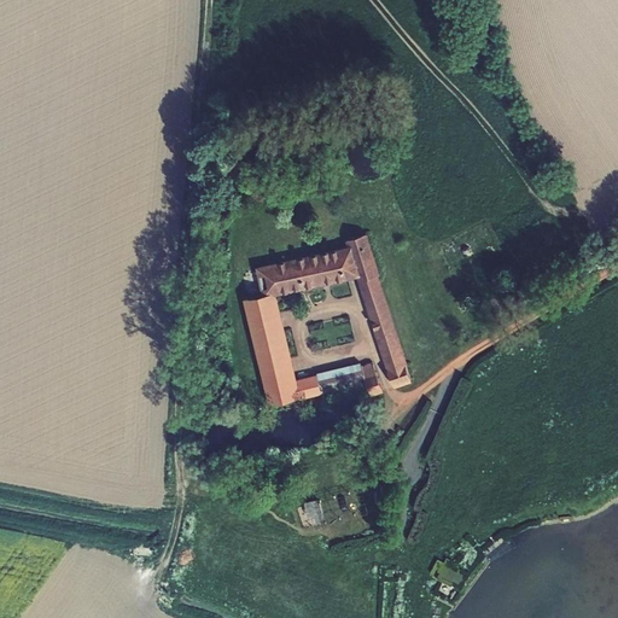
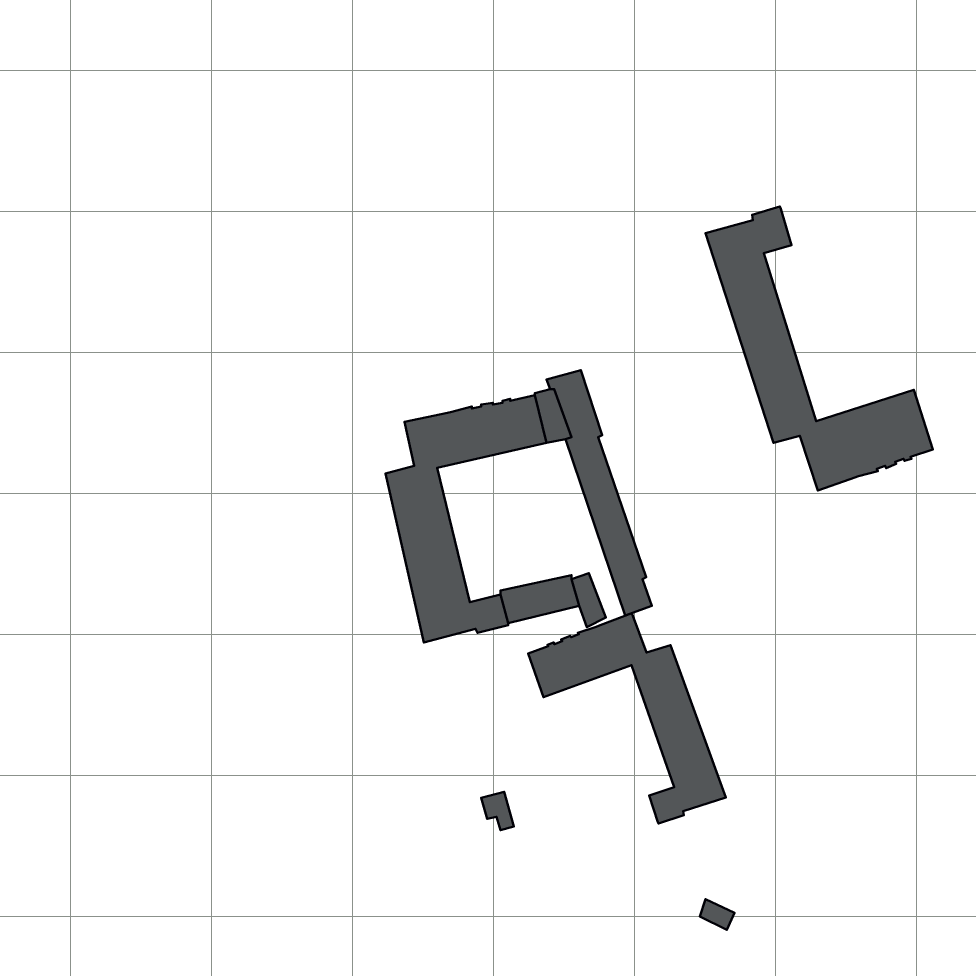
building: none -> [706,207,933,490]
building: none -> [528,613,726,824]

